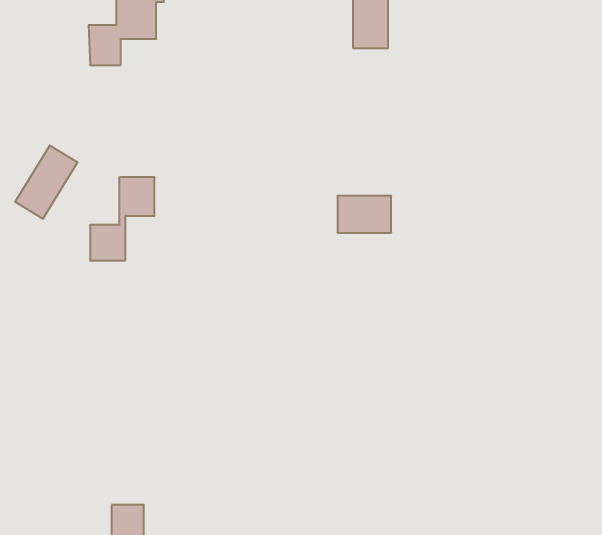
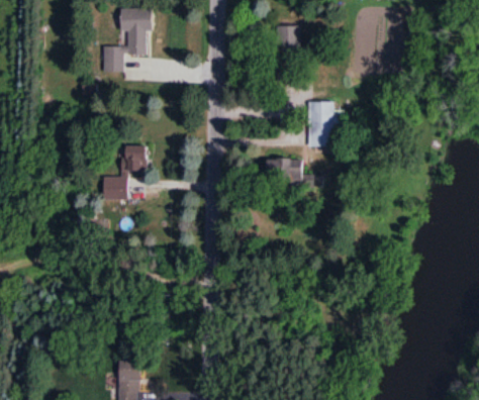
building: none -> [308,100,339,146]
building: [15,145,77,219] -> none

